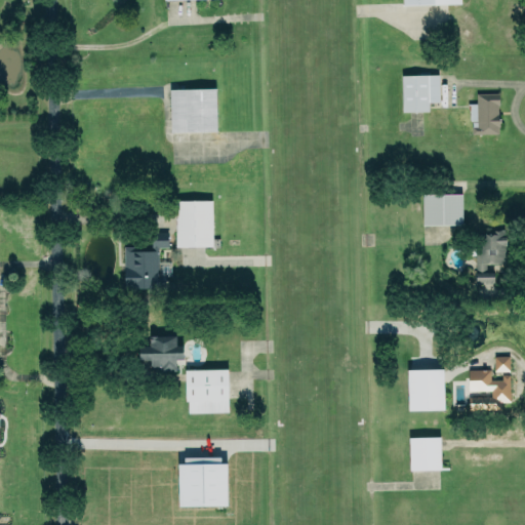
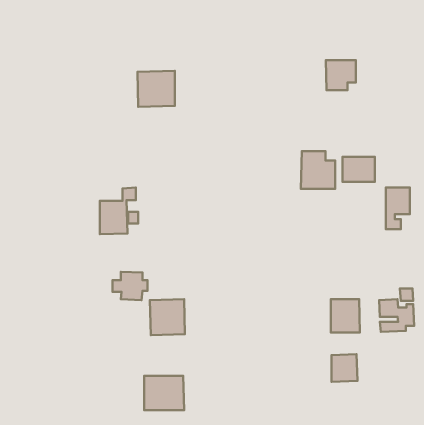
building: [472,93,499,134] -> none
building: none -> [301,151,335,189]
building: [176,200,214,247] -> none

